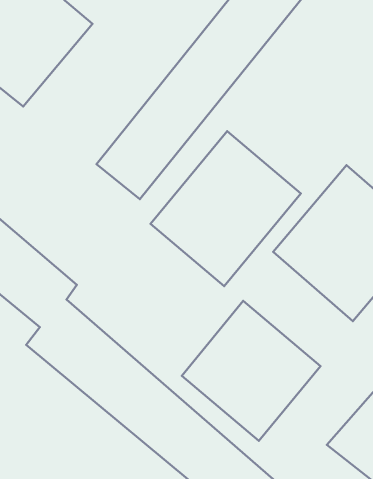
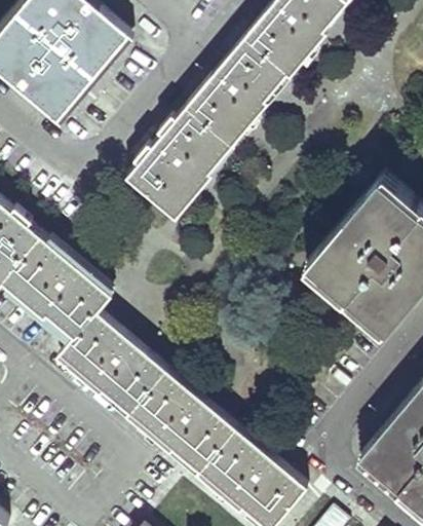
building: [150,131,301,286] -> none
building: [182,301,320,441] -> none

